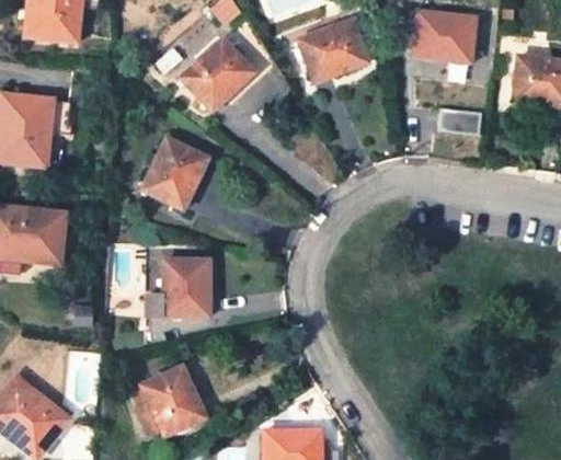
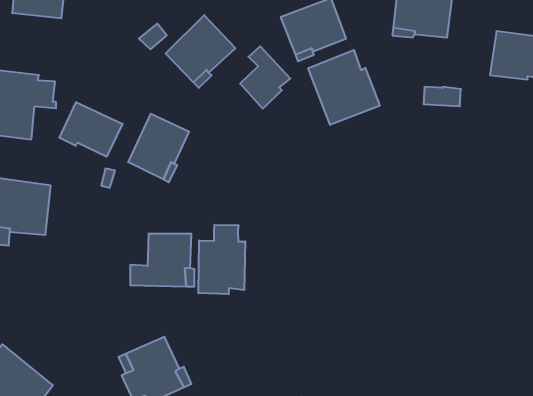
building: none -> [240,46,290,109]
building: none -> [308,50,380,125]
building: none -> [59,102,123,157]
building: none -> [198,225,245,294]

